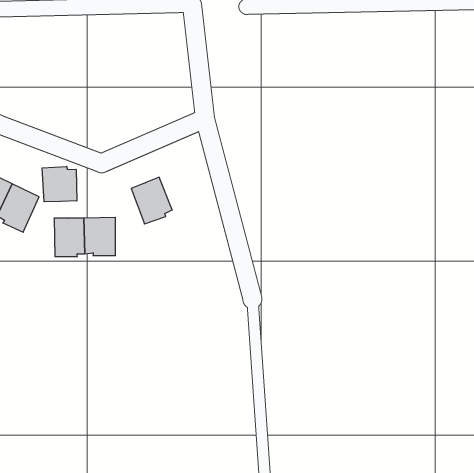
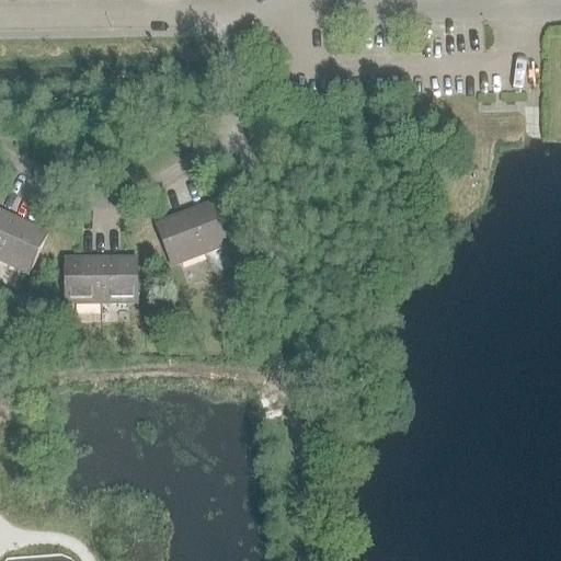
building: none -> [187,195,237,247]
building: [42,166,77,202] -> none

